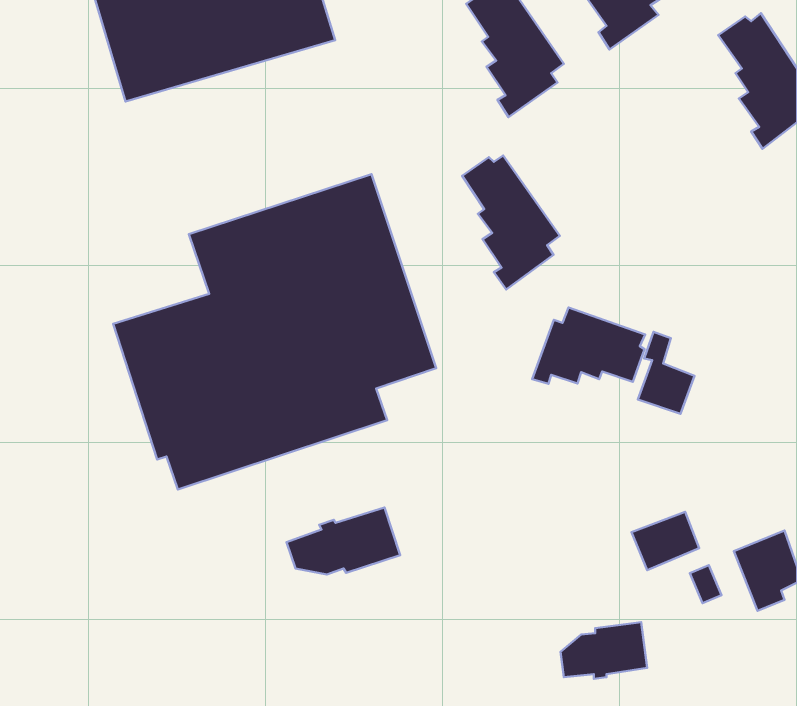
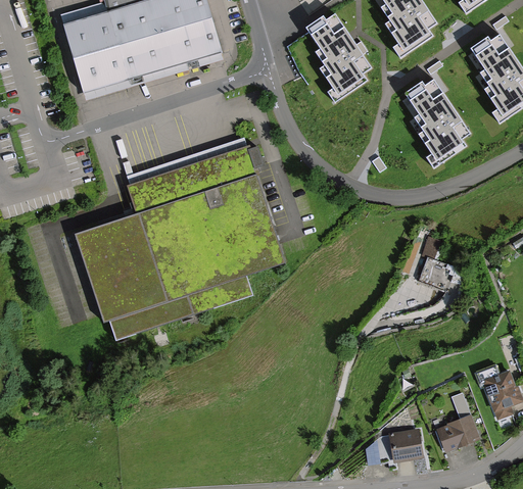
building: [462,155,560,289] -> [403,78,467,164]
building: [532,307,645,384] -> none
building: [286,507,400,574] -> none
building: [632,512,699,570] -> [436,412,480,450]

